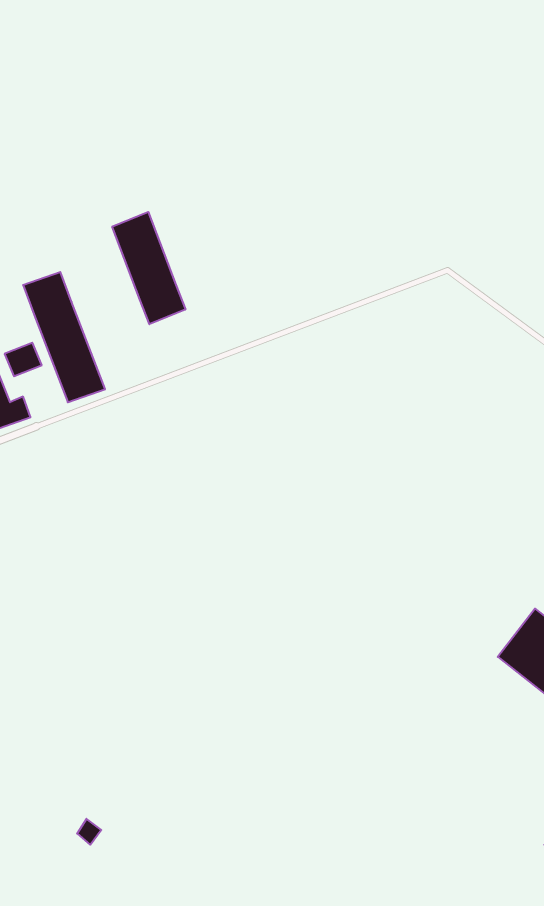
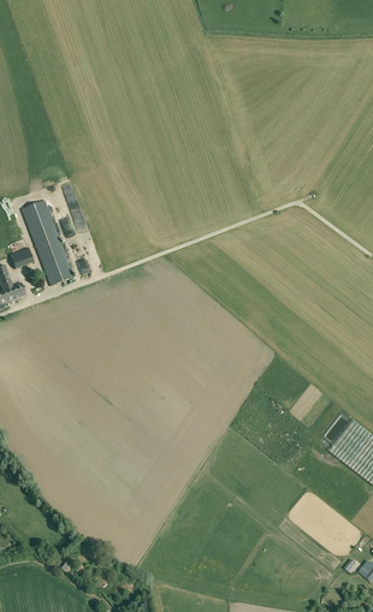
building: [112,212,185,324] -> none

